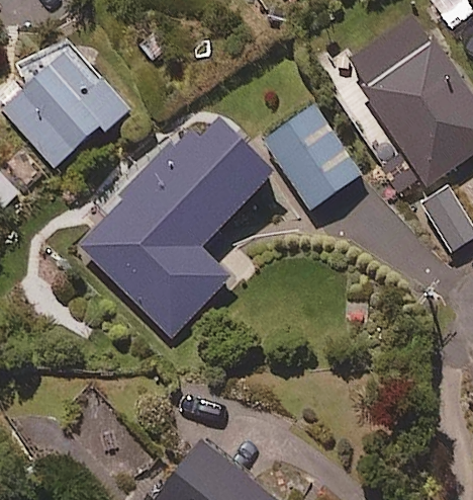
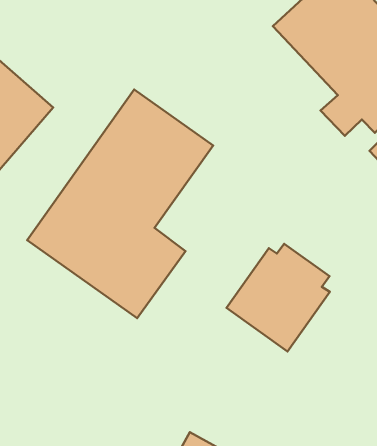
building: [262,108,357,211] -> none
building: none -> [226,244,330,352]

